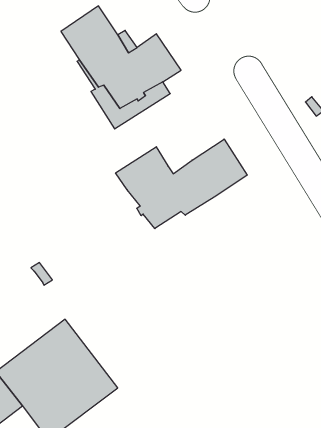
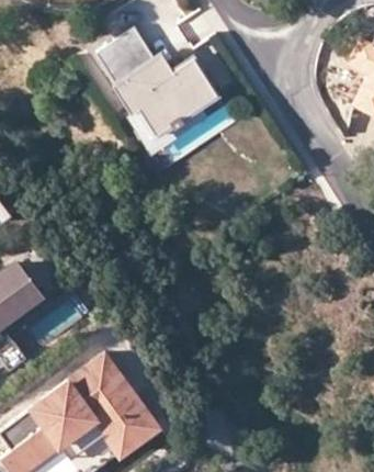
building: [116,139,247,229] -> none

